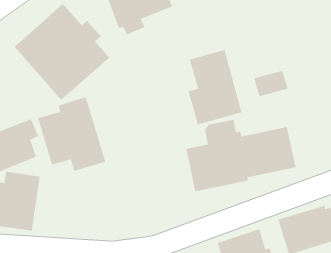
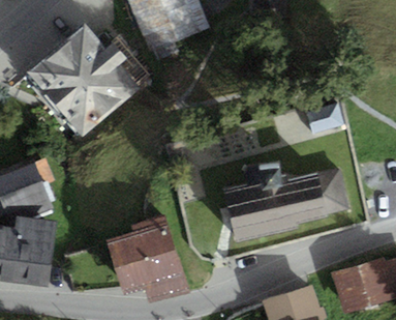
building: [188,49,242,125] -> none
building: [37,96,106,172] -> [106,216,186,303]

